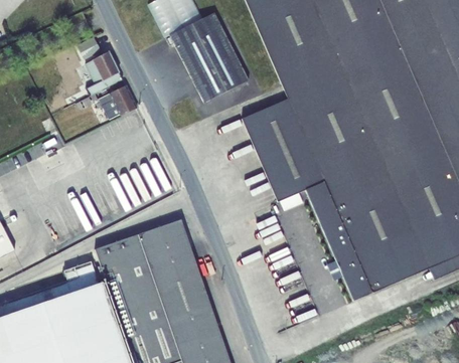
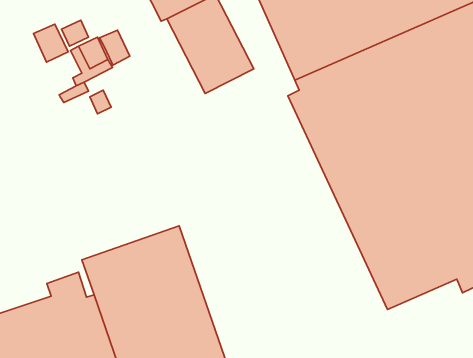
building: none -> [34,24,68,62]
building: [110,85,137,117] -> [99,30,130,65]
building: [242,105,366,301] -> none

